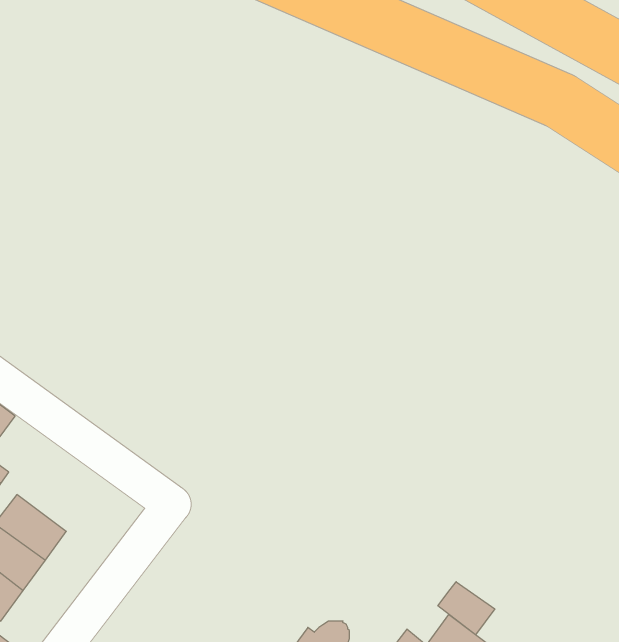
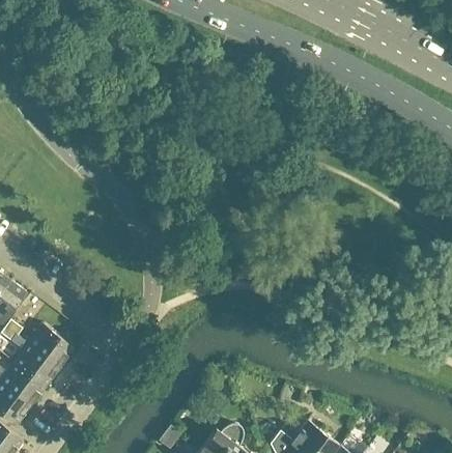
building: none -> [26,324,74,368]
building: [438,582,495,635] -> none

